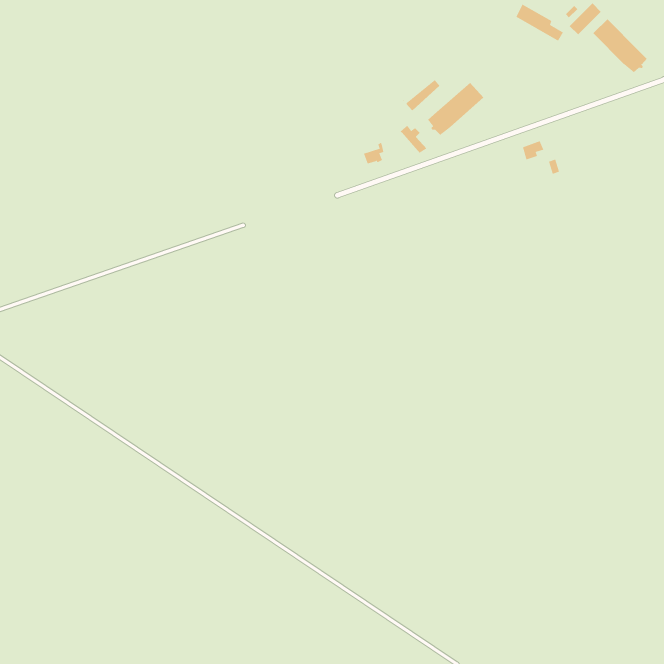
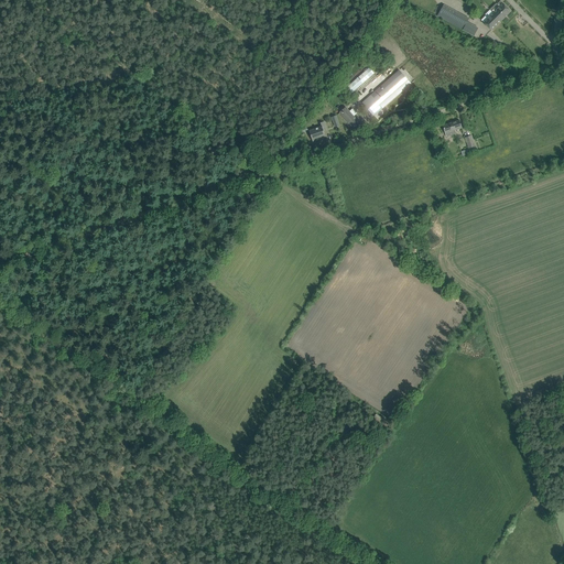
building: [592,19,648,73] -> none

